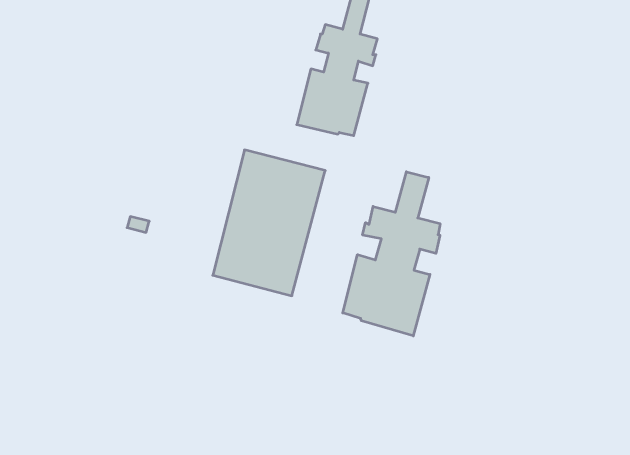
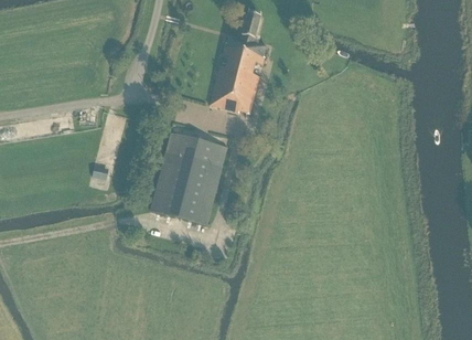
building: [343,172,440,336] -> none

